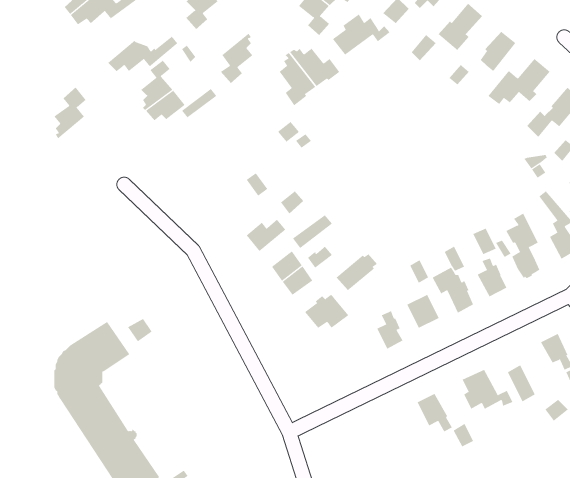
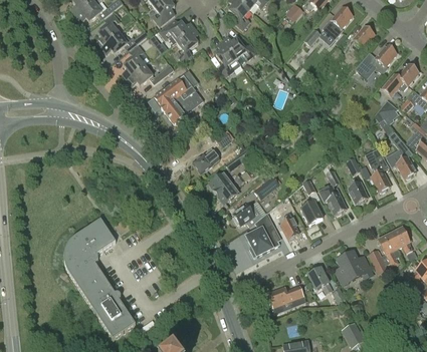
building: [332,13,390,55] -> none
building: none -> [159,21,195,42]
building: [53,86,86,139] -> [97,12,120,47]
building: none -> [153,74,204,123]
building: none -> [246,217,279,257]
building: none -> [378,234,401,266]
building: none -> [267,286,305,313]

